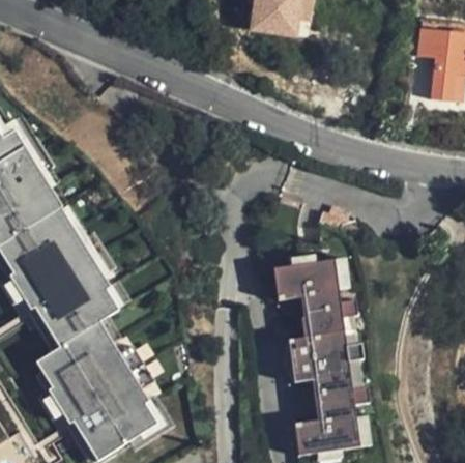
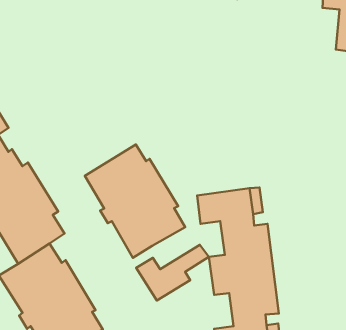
building: none -> [85,144,185,258]
building: none -> [136,245,209,300]

